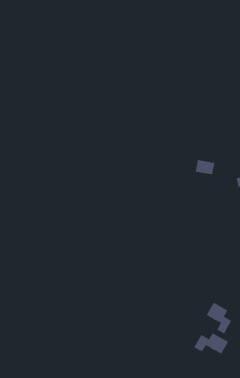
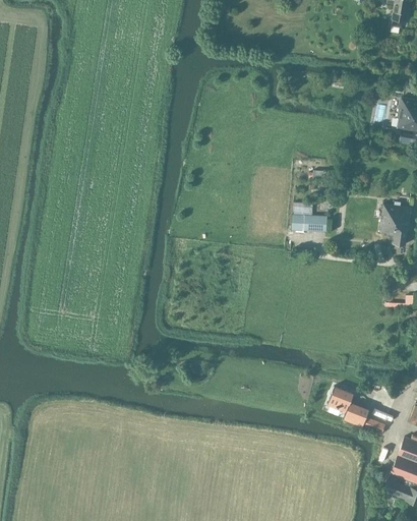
building: [194,333,229,355] -> none

